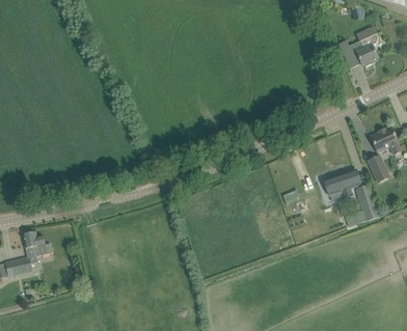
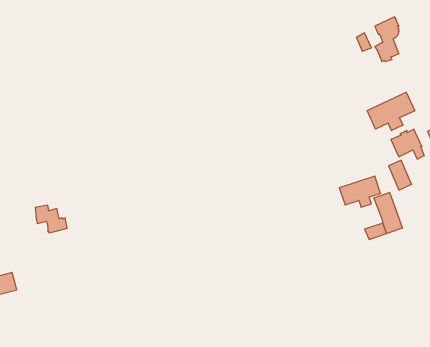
building: none -> [367,92,415,131]
building: [23,231,52,256] -> [35,205,67,233]

